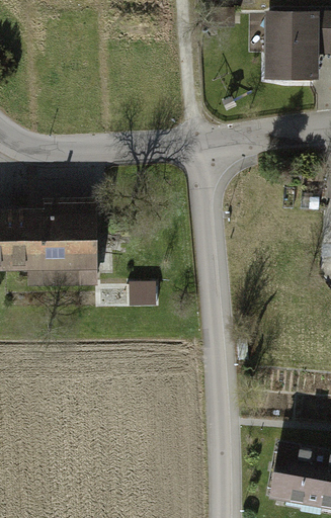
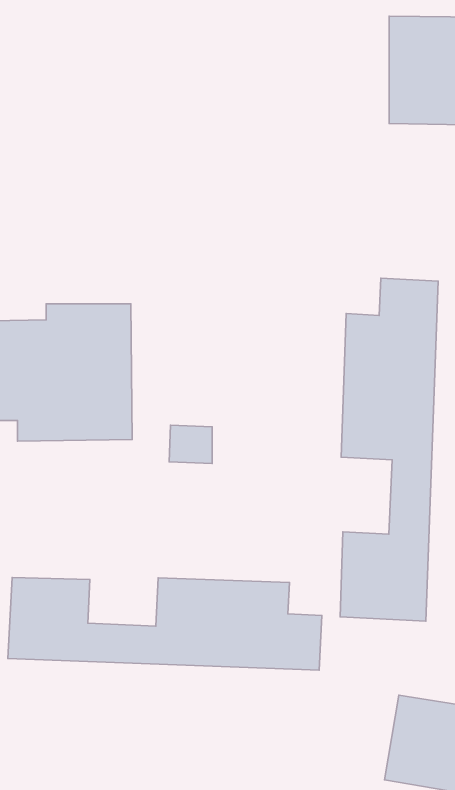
building: none -> [340,278,438,621]
building: none -> [8,577,322,670]

